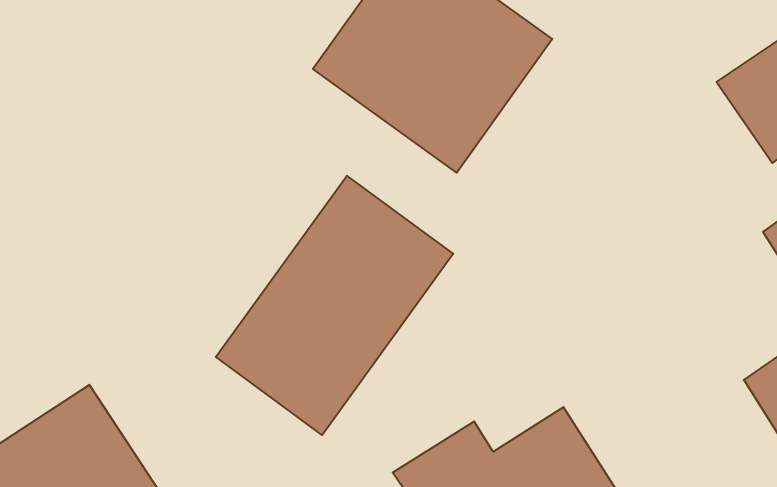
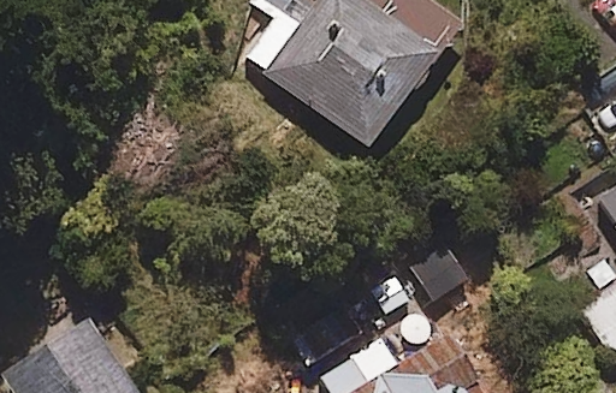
building: [216,176,453,435] -> none

